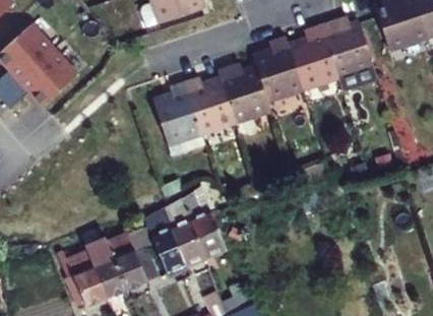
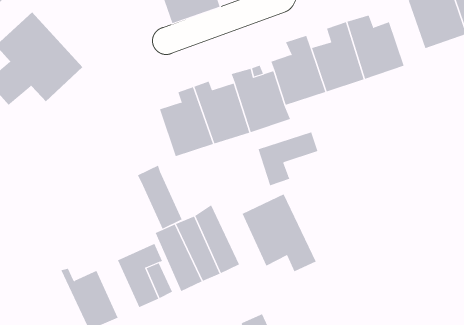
building: none -> [258,131,318,186]
building: none -> [242,194,317,272]
building: [90,236,131,294] -> [137,165,182,230]

